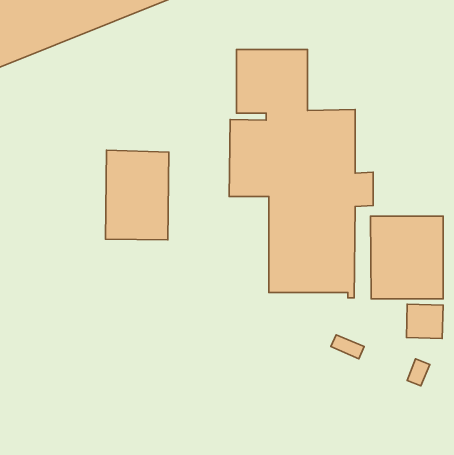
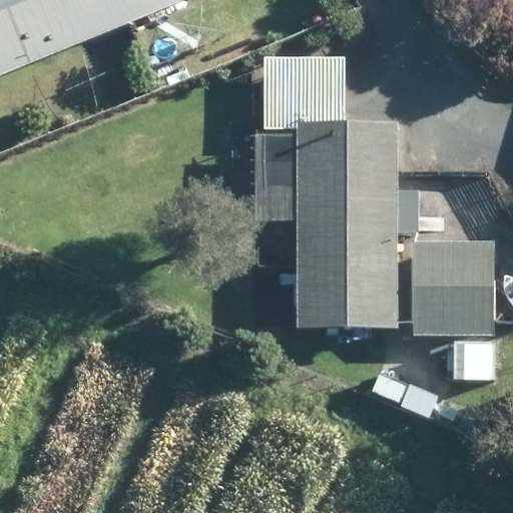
building: [106,150,169,240] -> none

